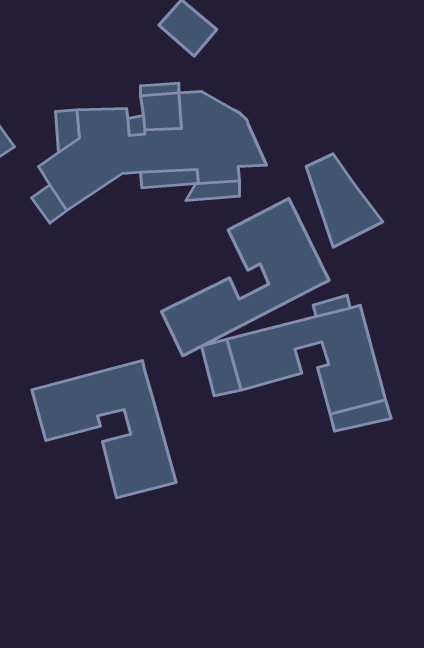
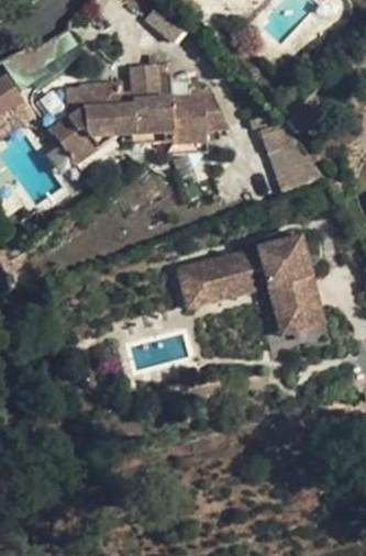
building: [162,199,329,356] -> none
building: [32,360,176,498] -> none

